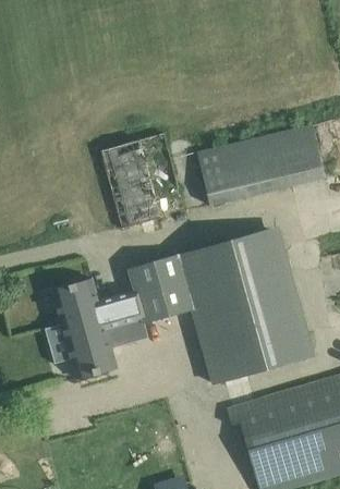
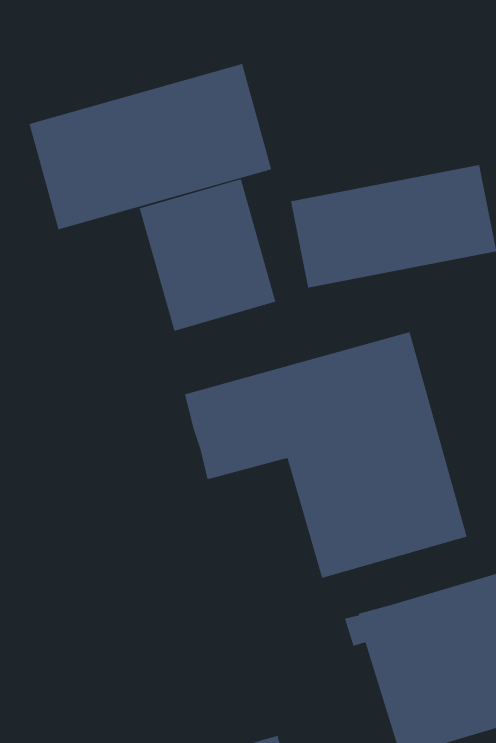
building: none -> [29,63,272,230]
building: [47,279,146,377] -> none

